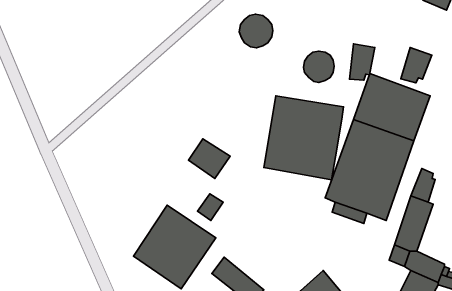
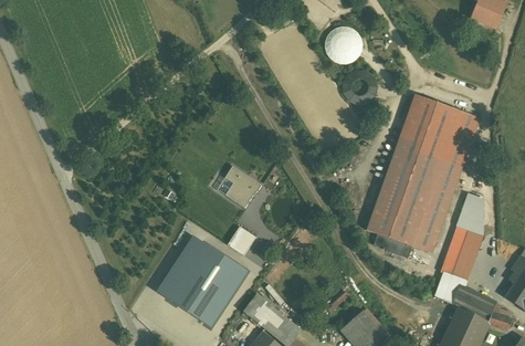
building: [239,14,273,48] -> [325,27,361,63]
building: [349,44,375,80] -> none
building: [401,47,432,83] -> none
building: [264,96,343,180] -> none

